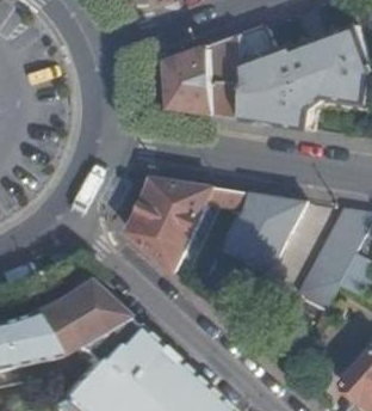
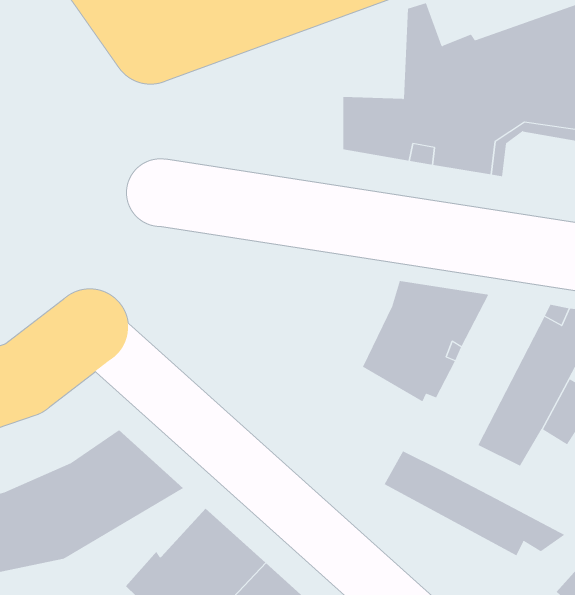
building: [166,27,254,114] -> none
building: [125,179,249,274] -> none
building: none -> [384,451,565,556]

